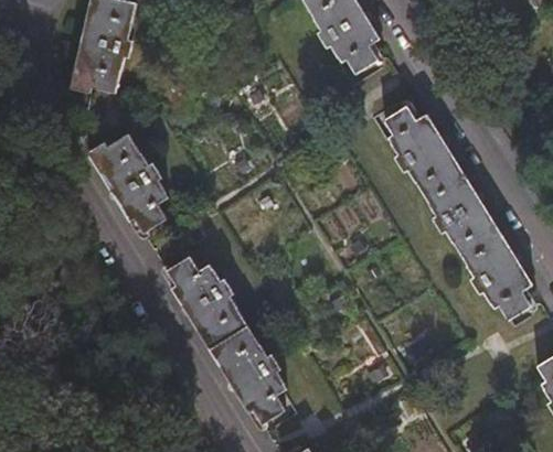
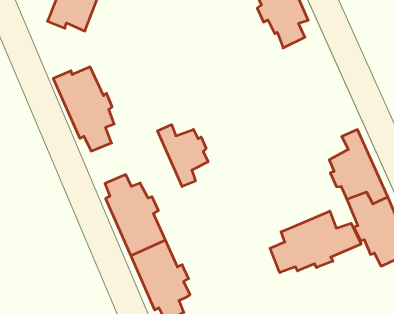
building: [385,106,458,203] -> none
building: none -> [158,125,208,187]
building: none -> [270,211,361,273]

